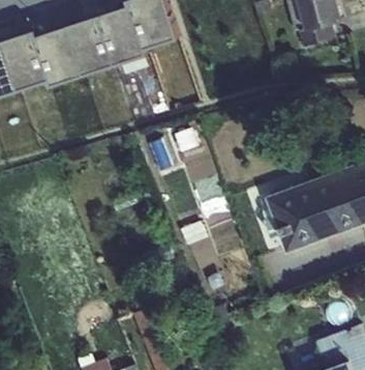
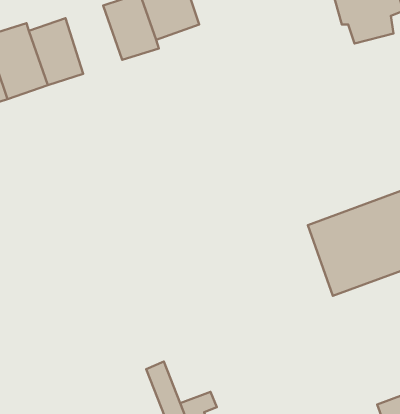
building: [67,16,114,72] -> none

